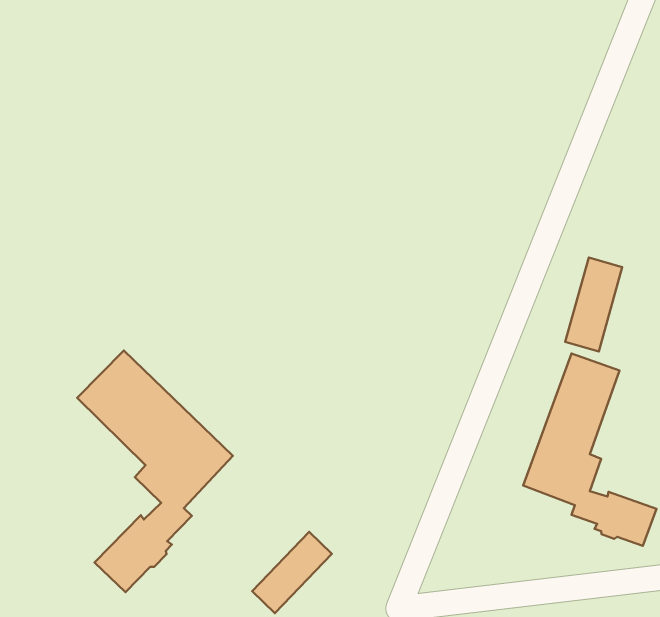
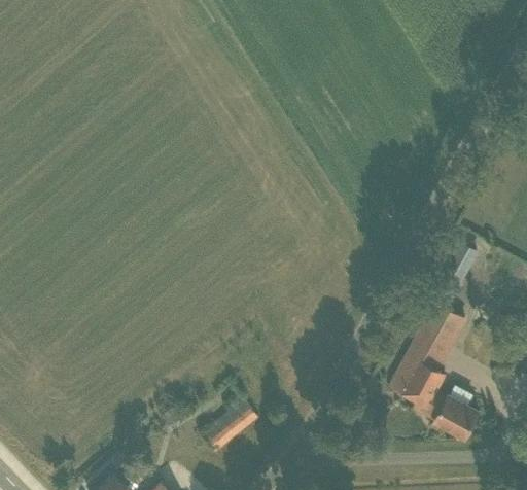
building: [77,350,233,592] -> none

